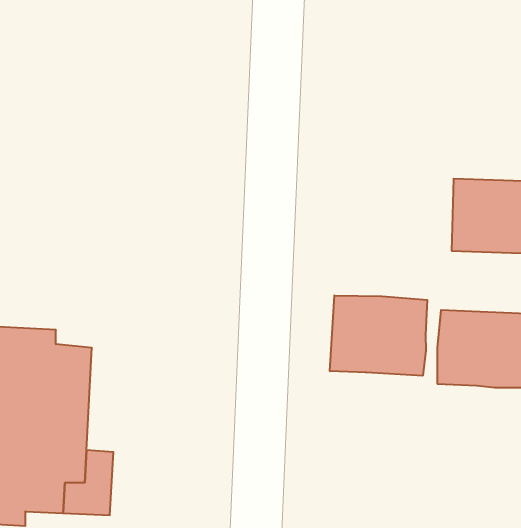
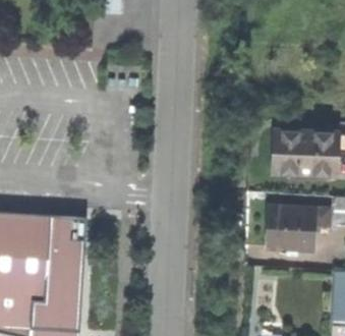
building: [330,295,427,376] -> none

